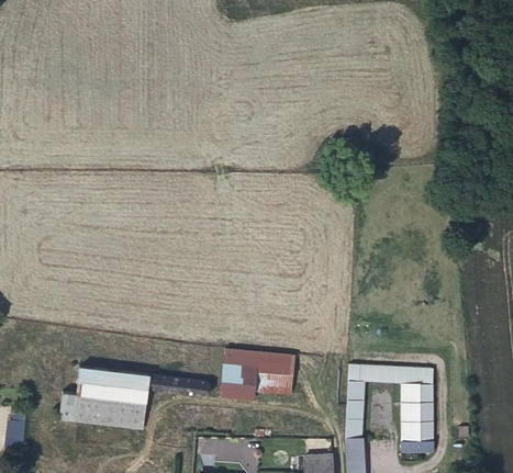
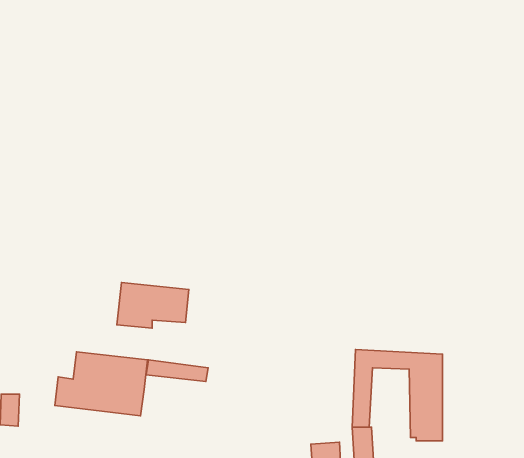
building: [221,349,290,393] -> [117,282,189,328]

